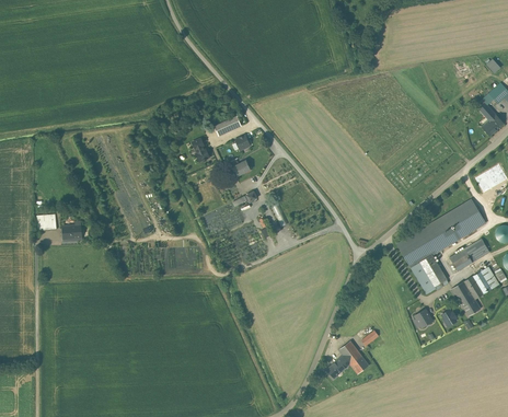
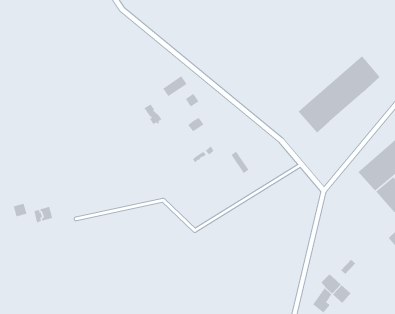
building: none -> [297,55,381,134]

